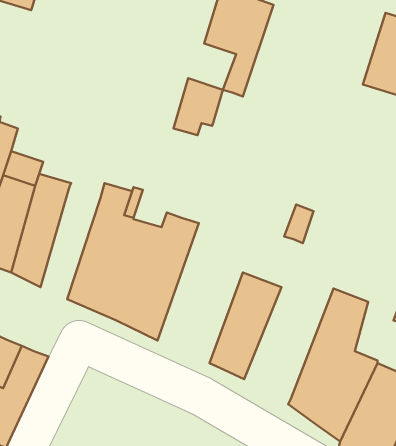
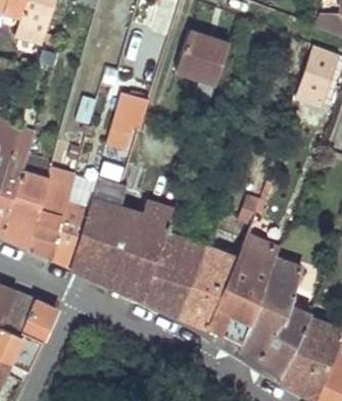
building: [174,78,223,135] -> [110,90,148,134]
building: none -> [49,180,95,266]
building: none -> [139,208,204,315]
building: none -> [205,234,278,343]

